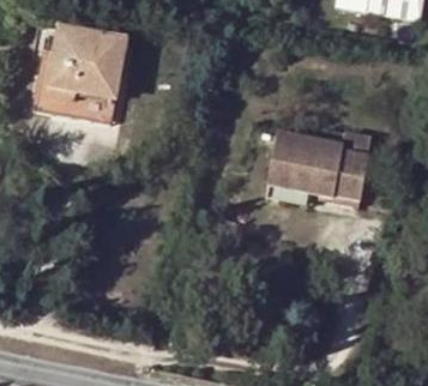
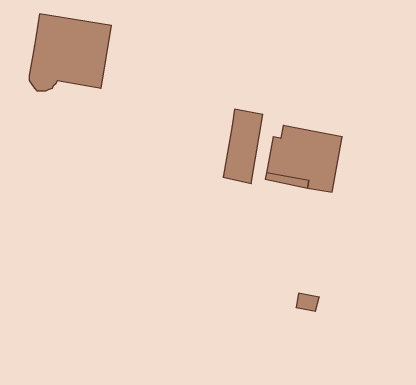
building: [30,58,114,123] -> none
building: [331,129,368,199] -> [223,109,263,184]

